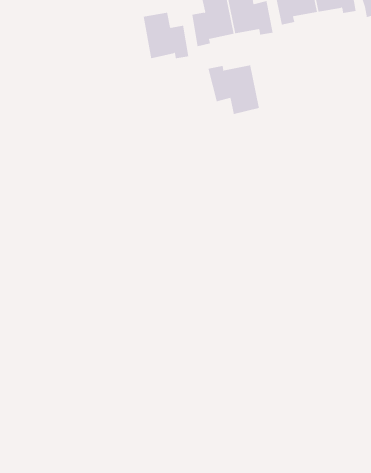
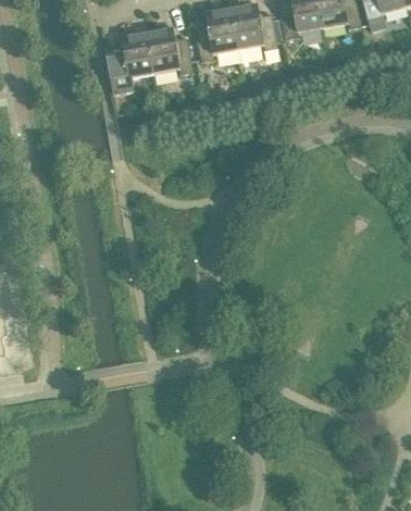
building: none -> [105,32,154,94]
building: [208,64,260,115] -> none

